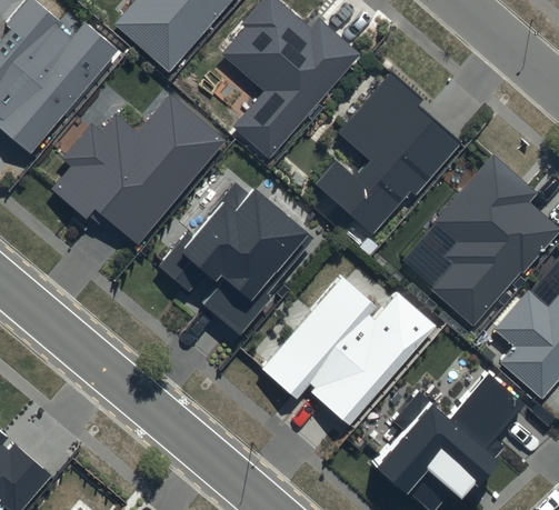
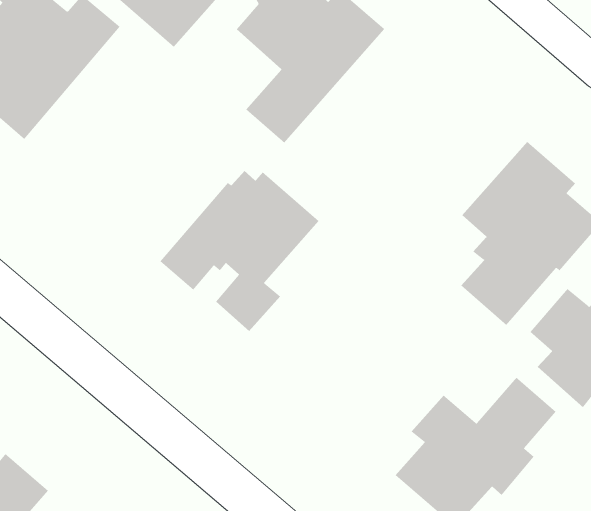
building: [315,69,460,231] -> none
building: [54,98,222,244] -> none
building: [259,273,435,426] -> none

